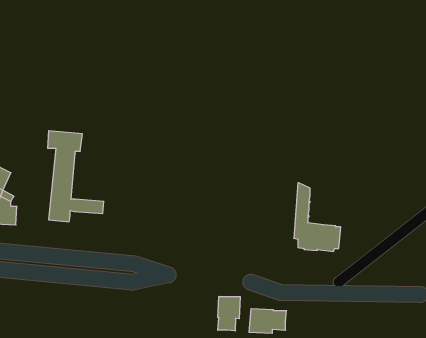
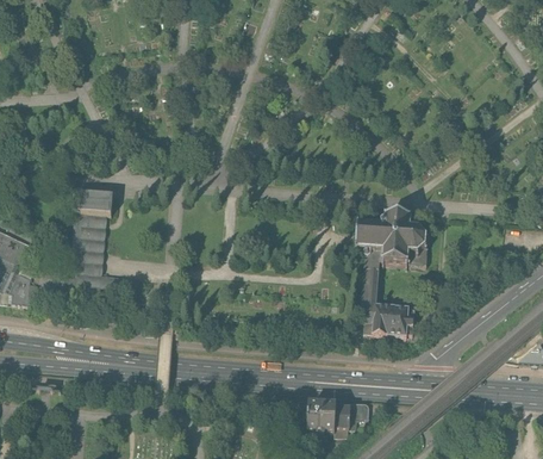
building: none -> [354,211,430,265]
building: [218,296,240,331] -> none

